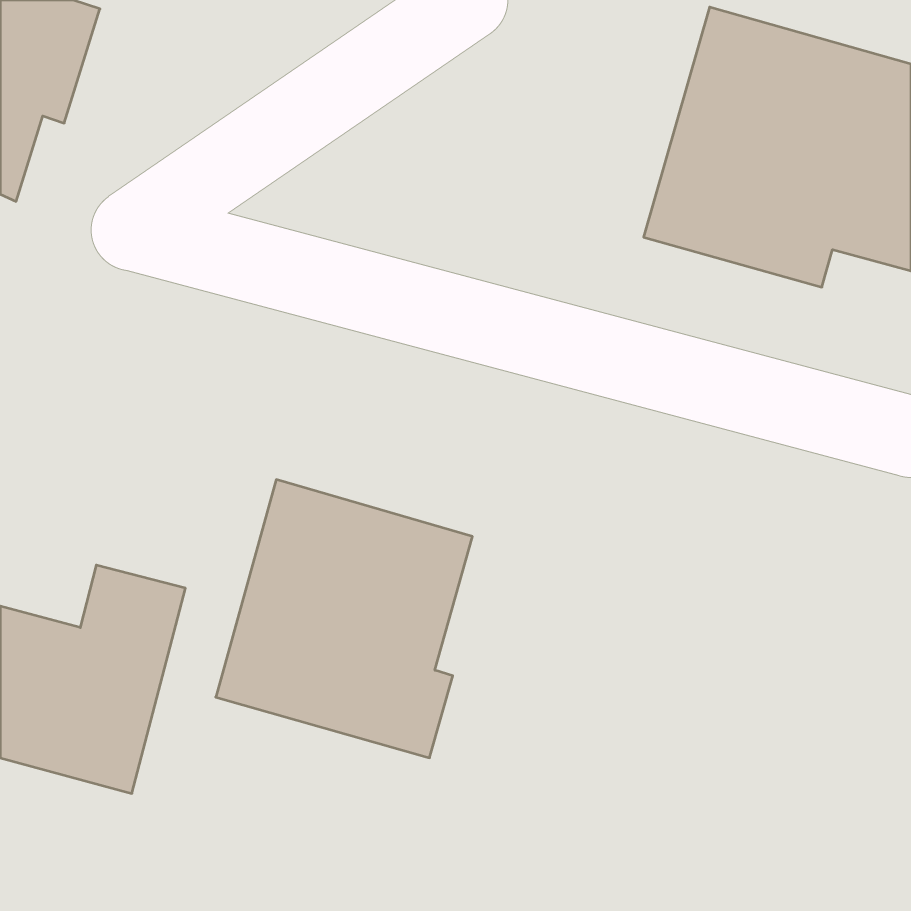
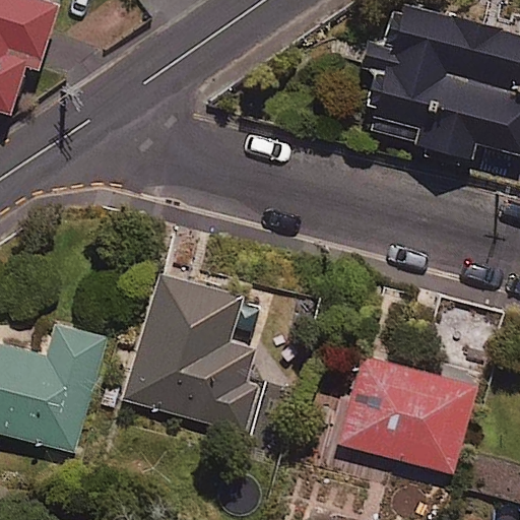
building: none -> [336,355,475,473]

